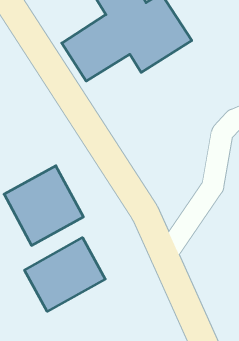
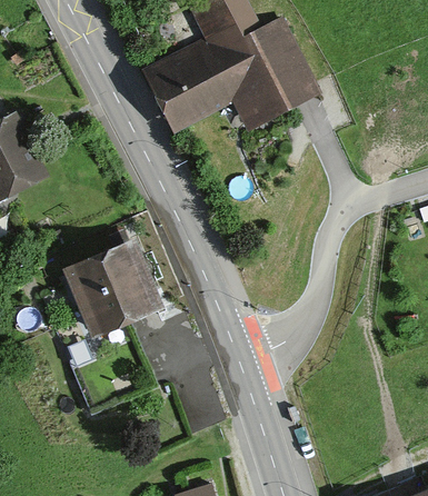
building: [25,238,105,311] -> none

